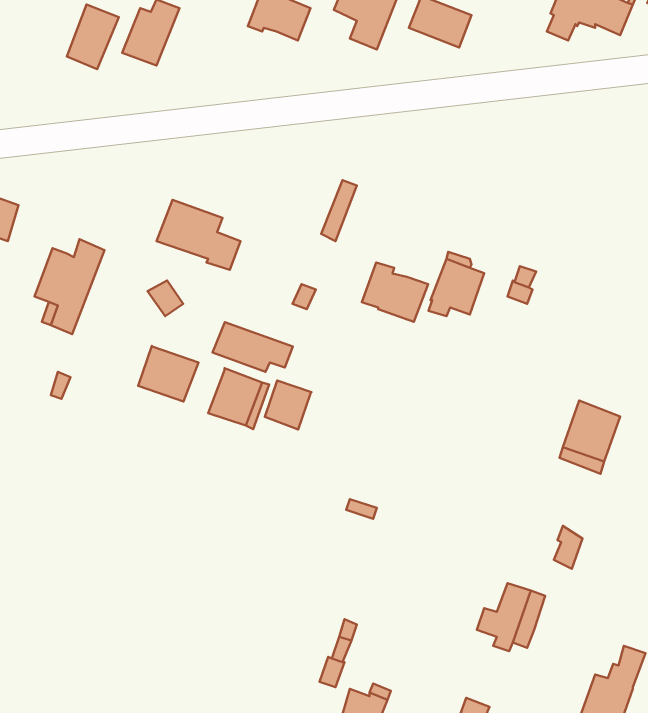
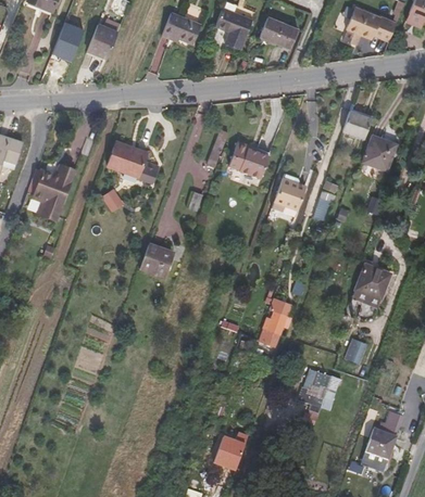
building: none -> [342,109,372,138]
building: none -> [362,133,397,170]
building: [362,263,428,322] -> [229,141,270,177]
building: [213,322,293,372] -> none
building: [138,346,198,402] -> none
building: [265,381,311,430] -> none
building: none -> [257,303,288,351]

